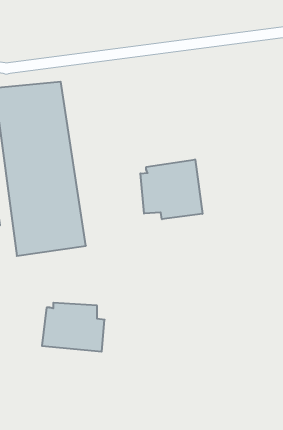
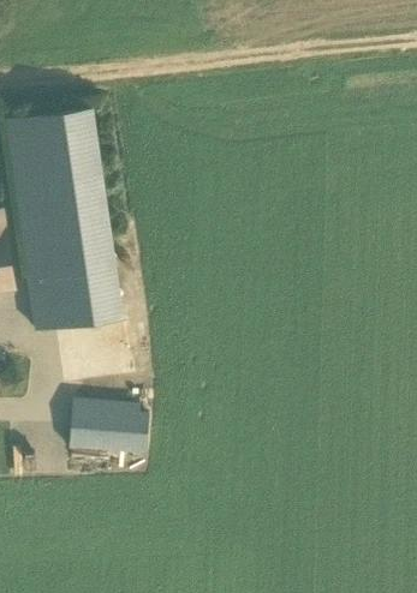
building: [140,159,202,219] -> none

